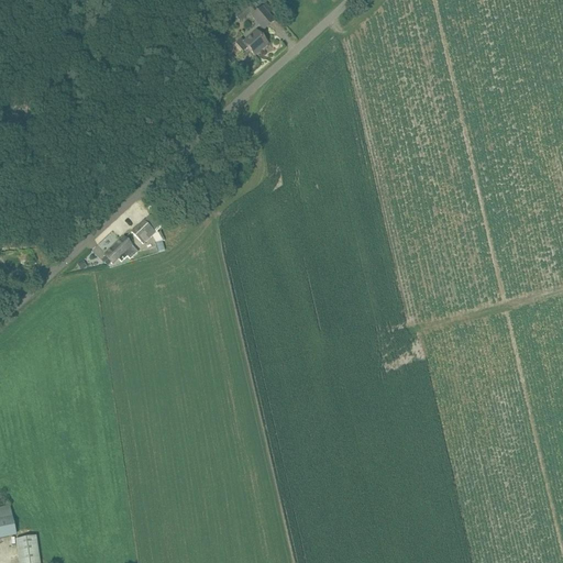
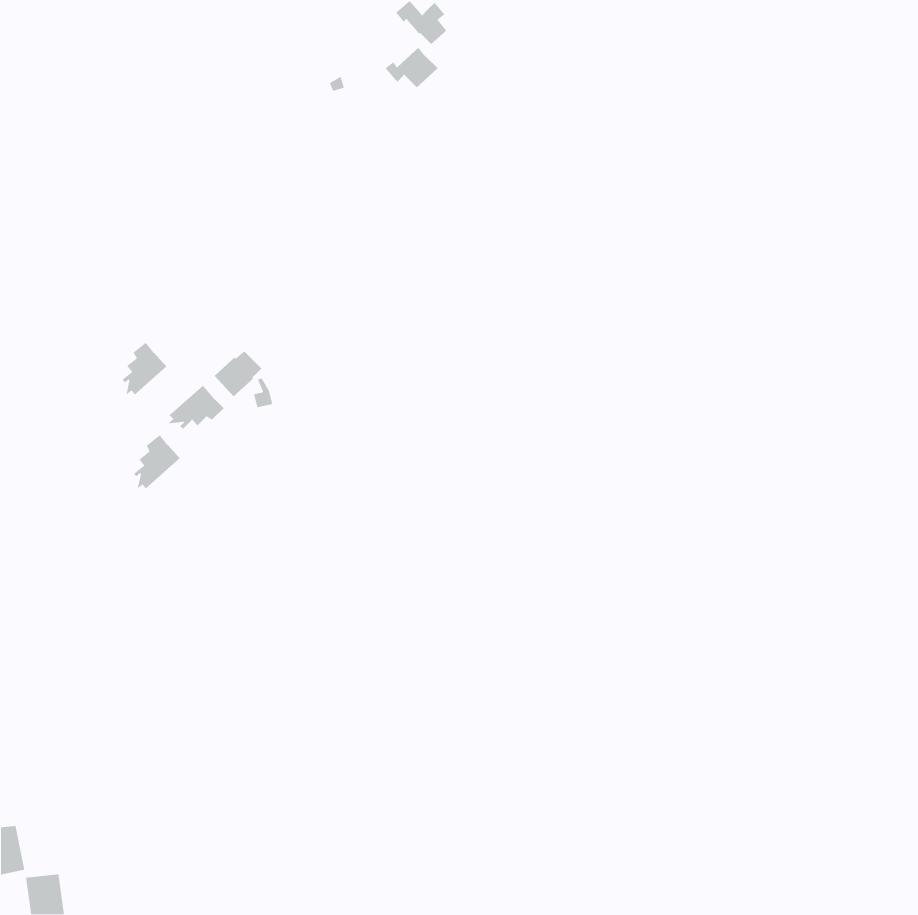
building: none -> [122,342,167,396]
building: none -> [133,434,181,490]

